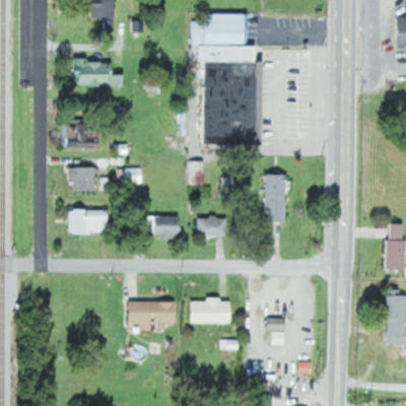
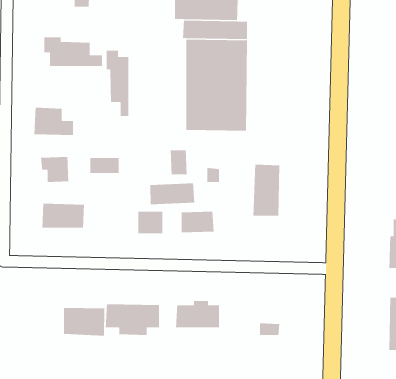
building: none -> [106,50,129,117]
building: none -> [149,183,195,205]
building: none -> [63,307,105,336]

